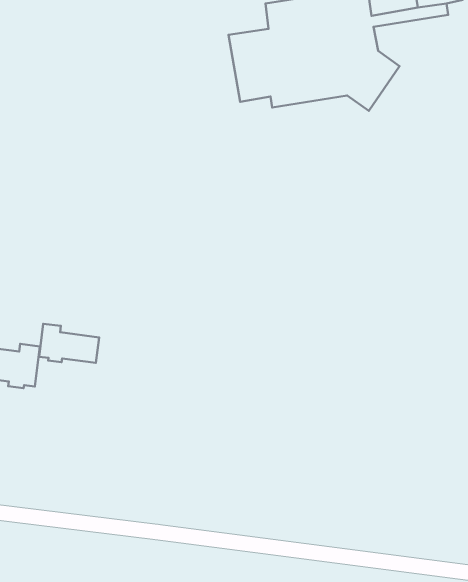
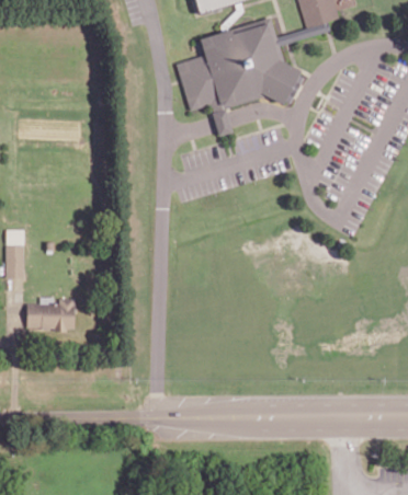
building: [39,324,99,363] -> none

